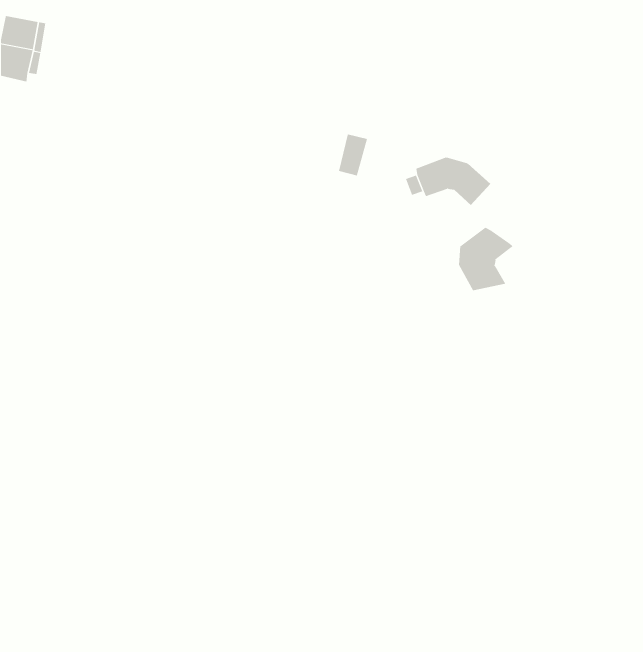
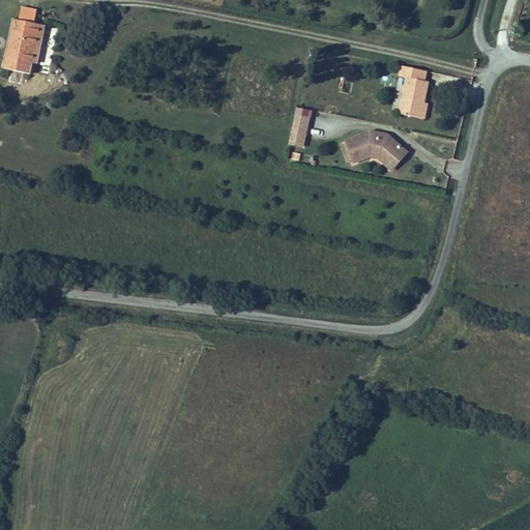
building: none -> [400,63,429,115]
building: [458,227,514,291] -> none

